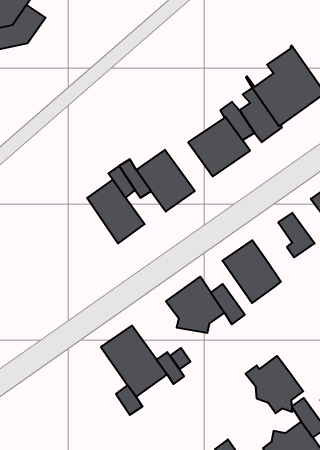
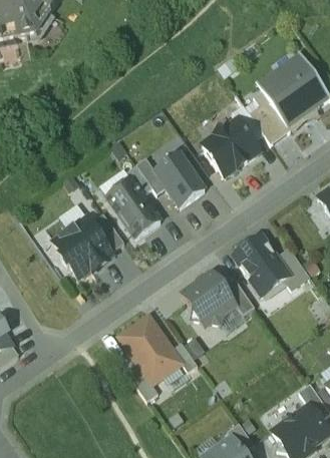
building: [278,213,315,257] -> [275,246,309,288]
building: none -> [49,219,111,279]
building: [246,356,303,413] -> none

